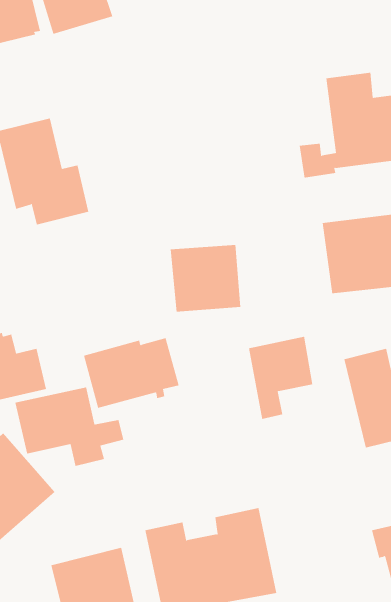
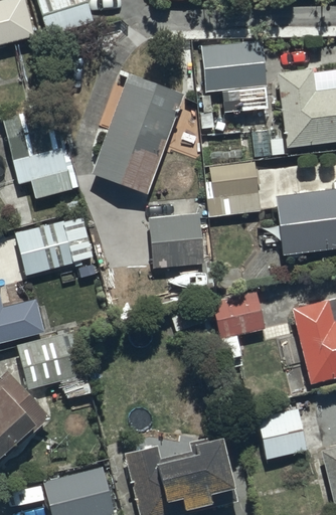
building: none -> [199,39,267,101]
building: none -> [91,73,181,194]
building: none -> [203,162,260,217]
building: [83,337,180,409] -> [14,216,95,276]
building: none -> [258,408,308,459]

